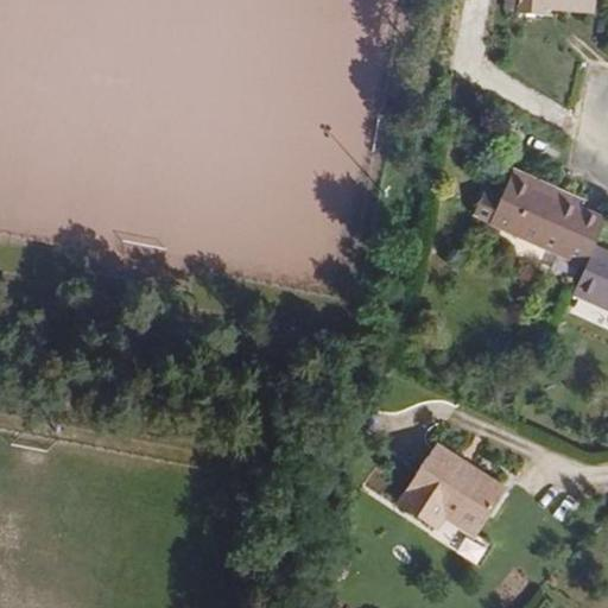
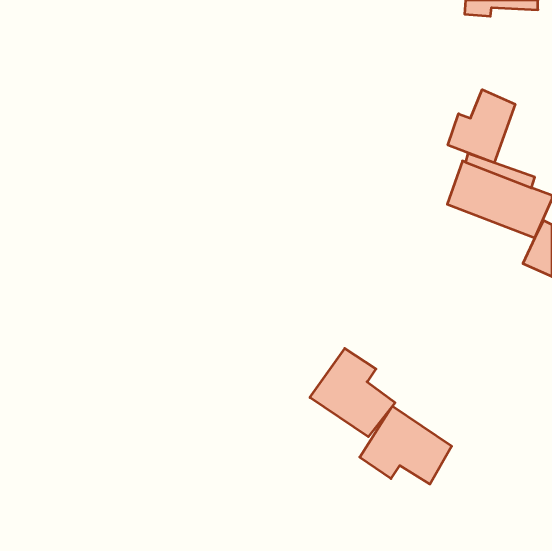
building: none -> [448,90,515,163]
building: none -> [310,348,395,437]

